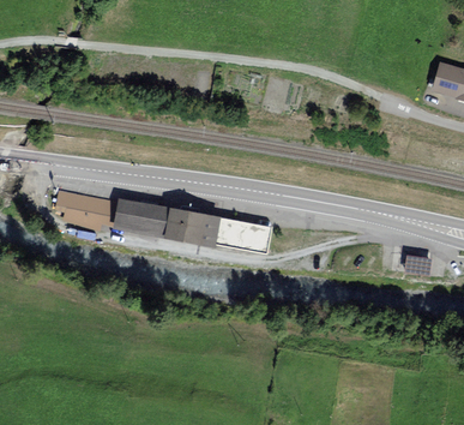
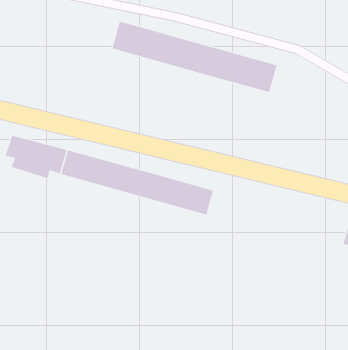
building: none -> [112,21,277,93]

